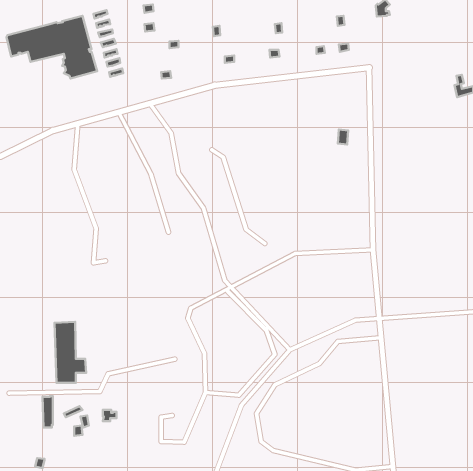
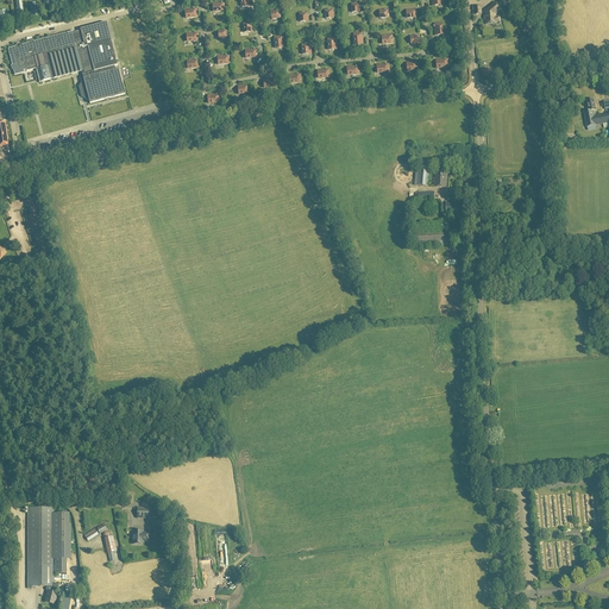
building: [55,322,86,383] -> [25,507,65,585]

